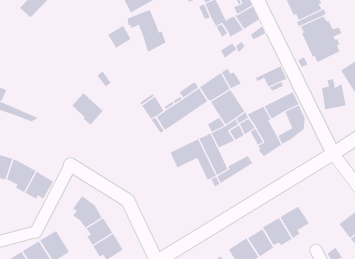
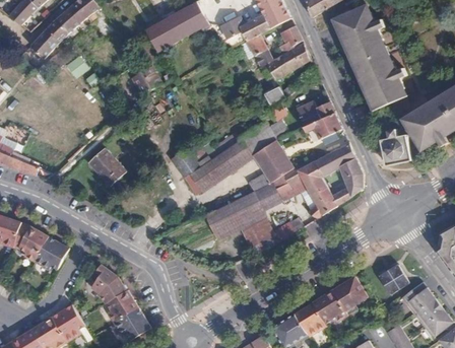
building: [127,9,166,52] -> none
building: none -> [296,101,334,126]
building: none -> [375,267,404,297]

